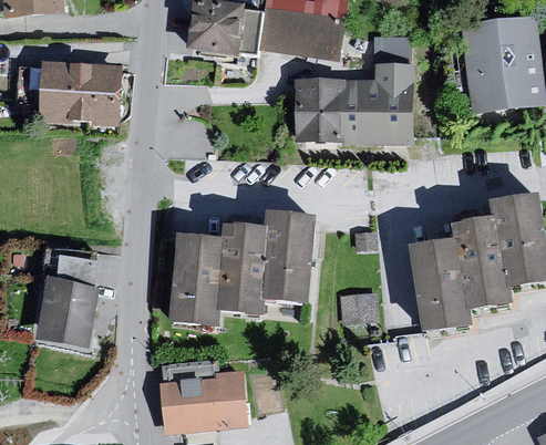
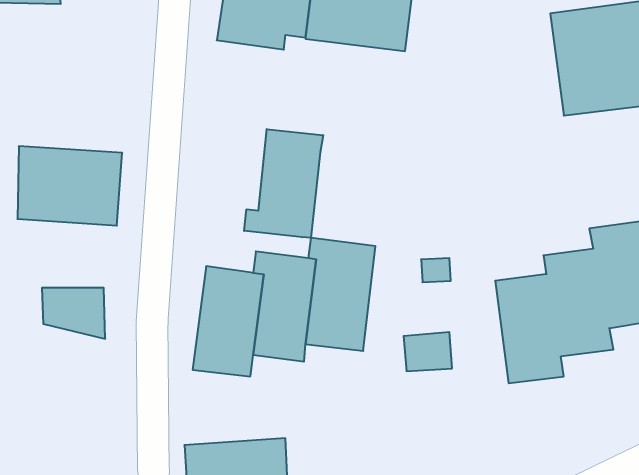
building: [293,32,415,144] -> none
building: [34,65,121,131] -> [17,146,122,226]
building: none -> [244,129,323,238]
building: [33,281,95,352] -> none

